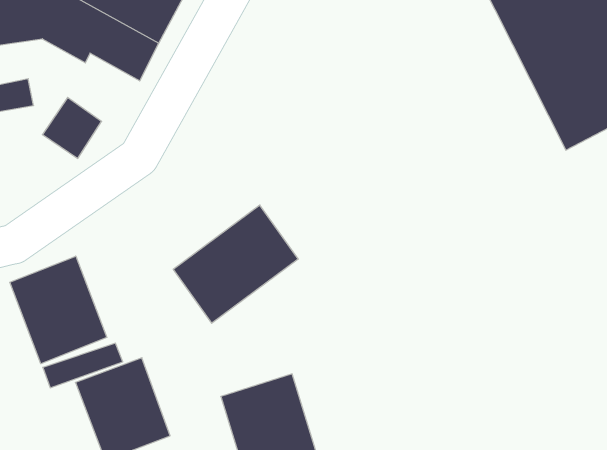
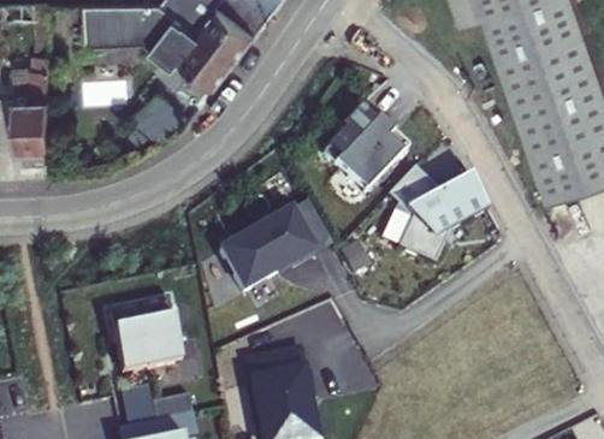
building: none -> [313,106,403,185]
building: none -> [381,161,487,261]
building: [10,256,107,364] -> none

